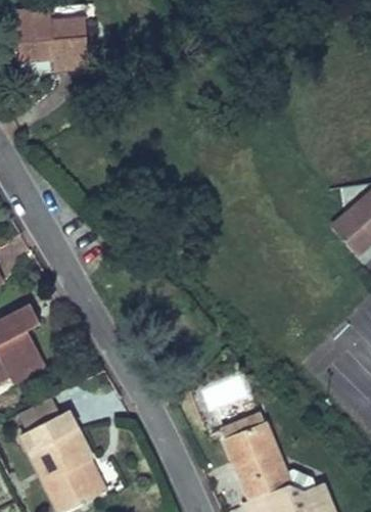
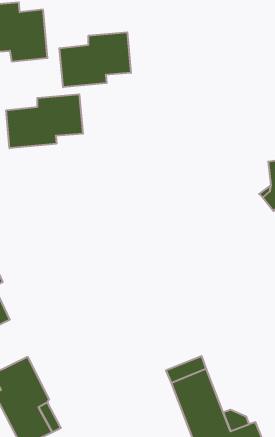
building: none -> [60,32,131,87]
building: none -> [6,94,83,148]

